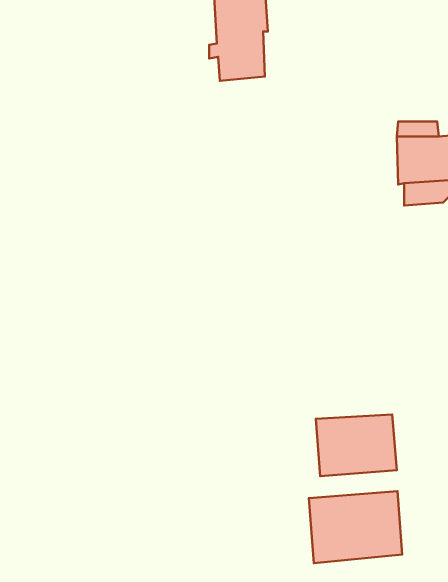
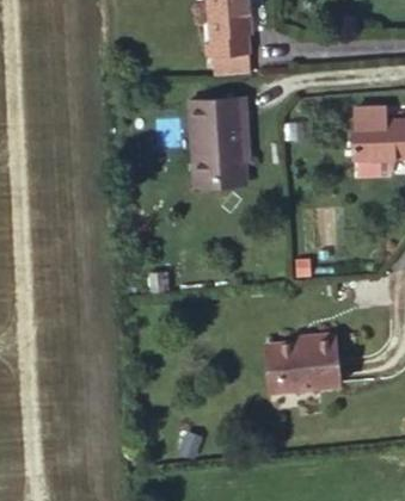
building: none -> [197,100,252,184]
building: [309,491,402,563] -> none

